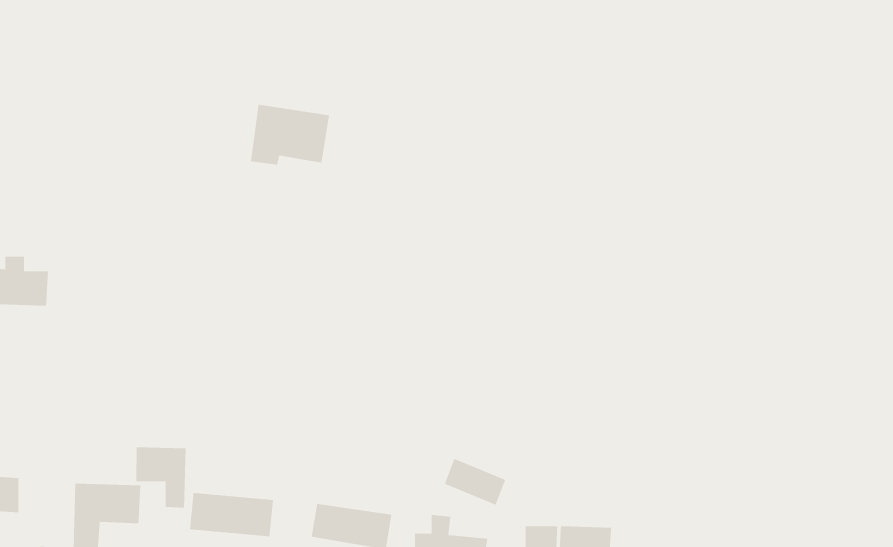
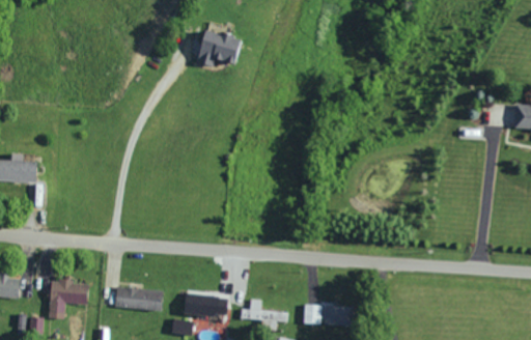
building: [250,104,330,165] -> [197,31,242,65]
building: [136,446,186,509] -> none
building: [444,458,506,506] -> none

